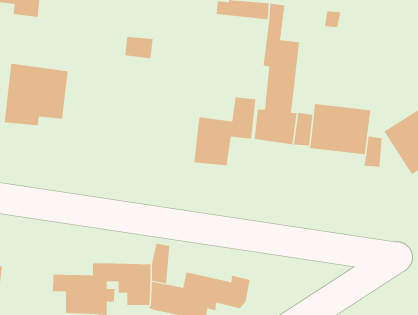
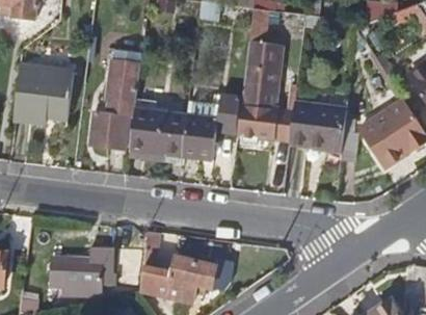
building: none -> [90,62,137,148]
building: none -> [130,110,186,155]

